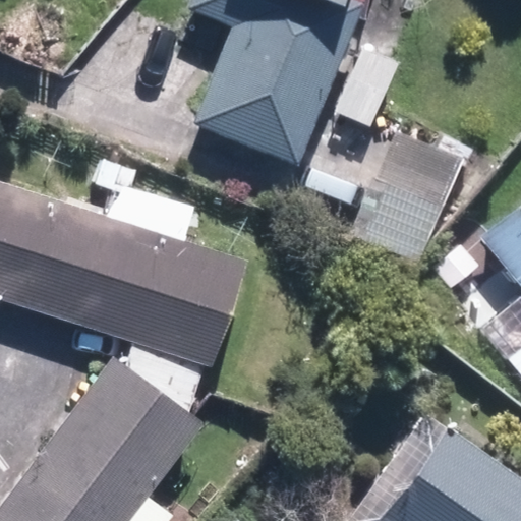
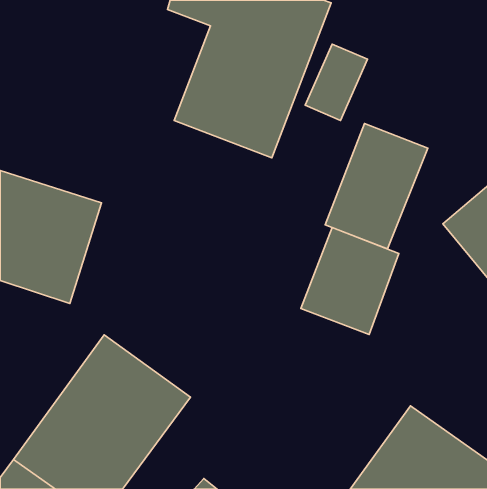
building: [76,216,249,367] -> none
building: none -> [301,227,399,334]

